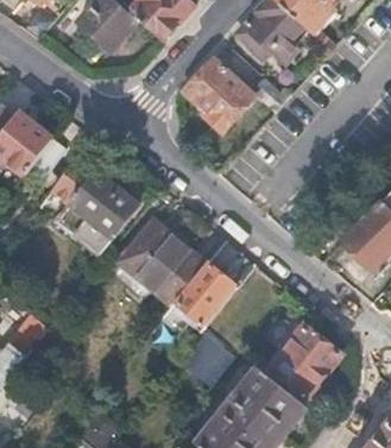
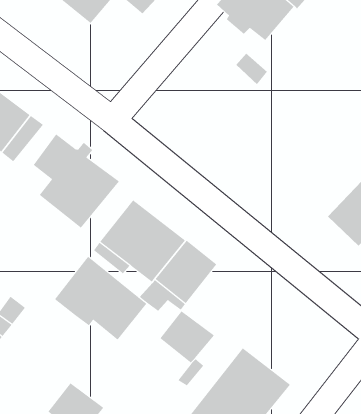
building: [183,57,252,128] -> none
building: none -> [54,256,147,340]
building: [270,324,341,396] -> none

